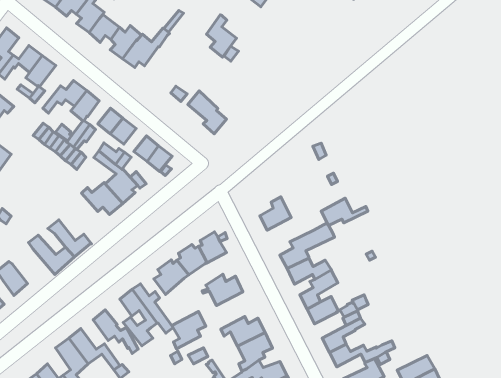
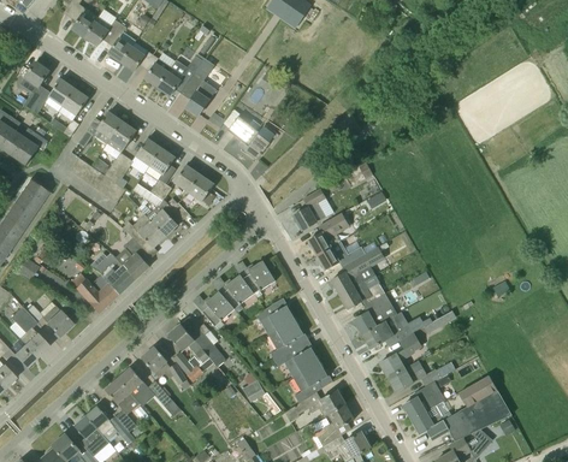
building: [206,15,236,57] -> [181,72,212,116]
building: none -> [294,189,326,230]
building: [321,198,368,225] -> [316,241,365,270]
building: none -> [123,237,149,279]
building: [172,312,206,349] -> [268,320,303,360]

